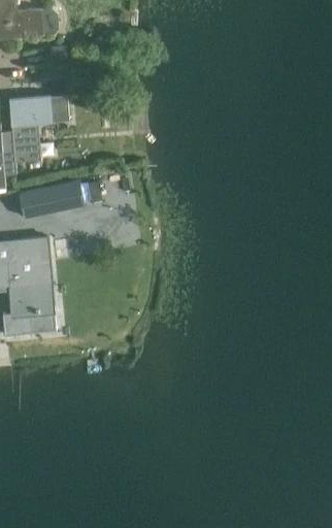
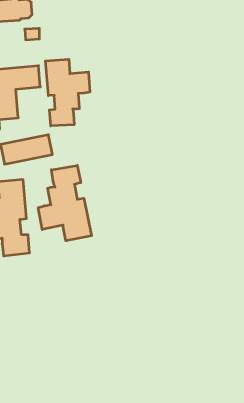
building: none -> [45,59,90,126]
building: none -> [38,165,92,241]

